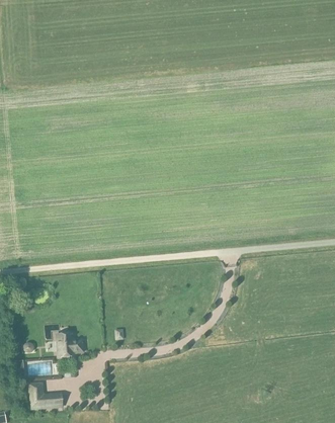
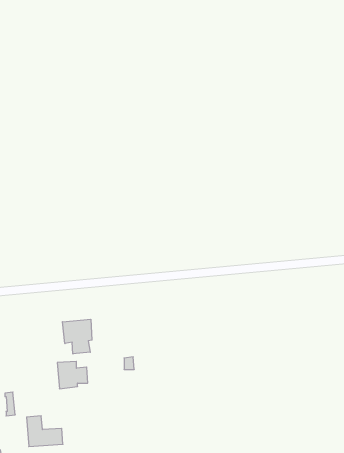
building: none -> [62,319,92,354]

